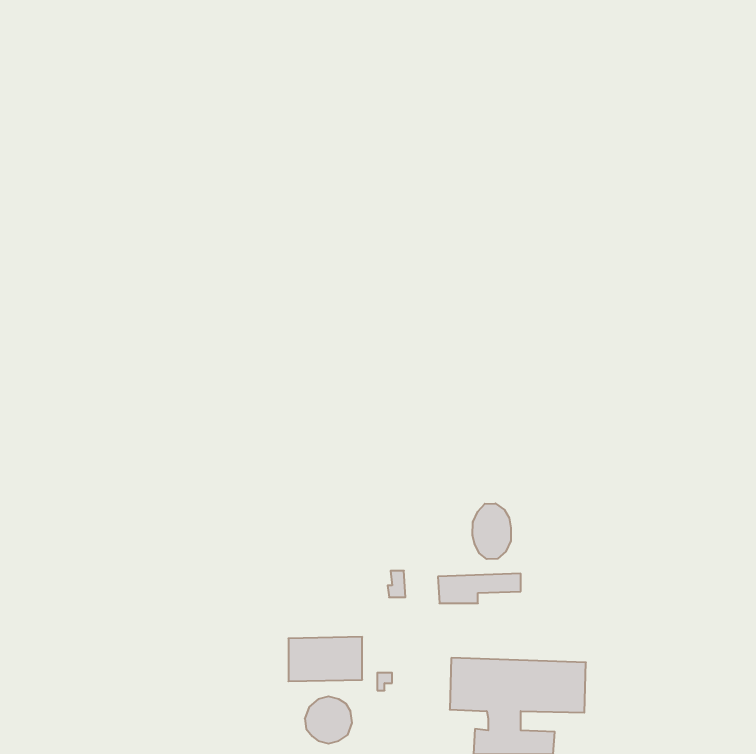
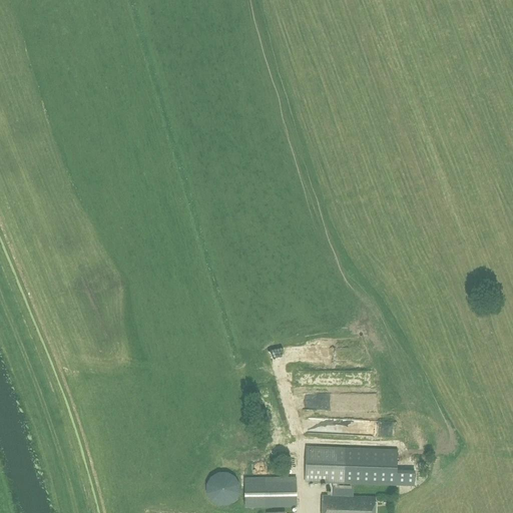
building: [473,503,511,559] -> none
building: [288,637,362,681] -> [245,476,296,506]

